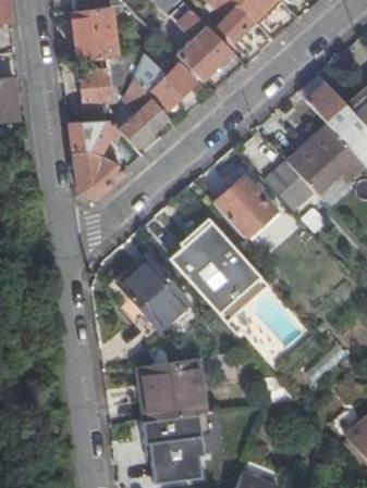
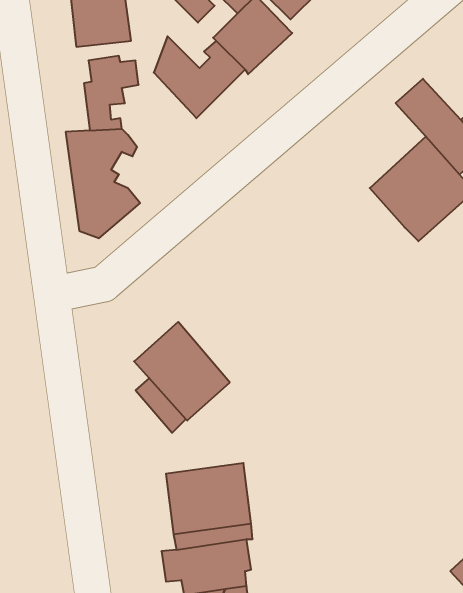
building: [114,78,167,146] -> none
building: [267,161,313,208] -> none
building: [213,176,276,238] -> none
building: [171,220,272,320] -> none

